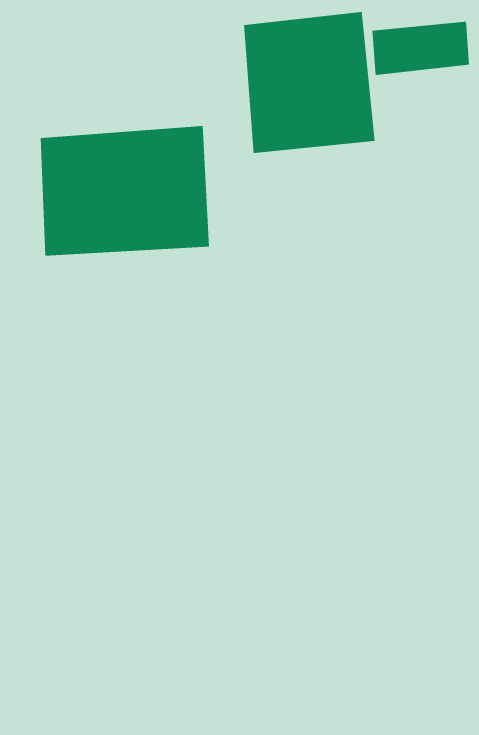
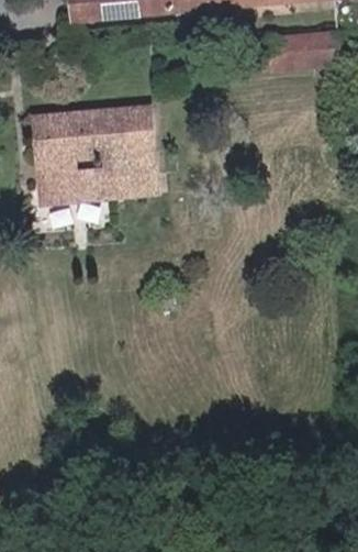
building: [244,11,375,154] -> none

